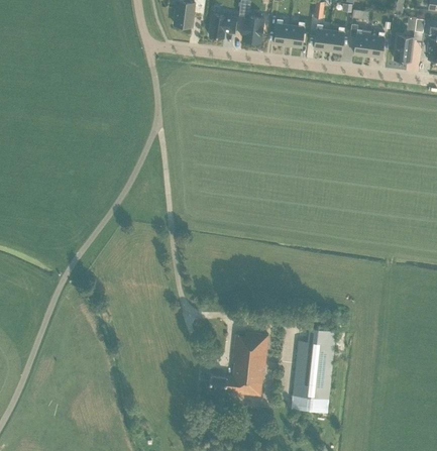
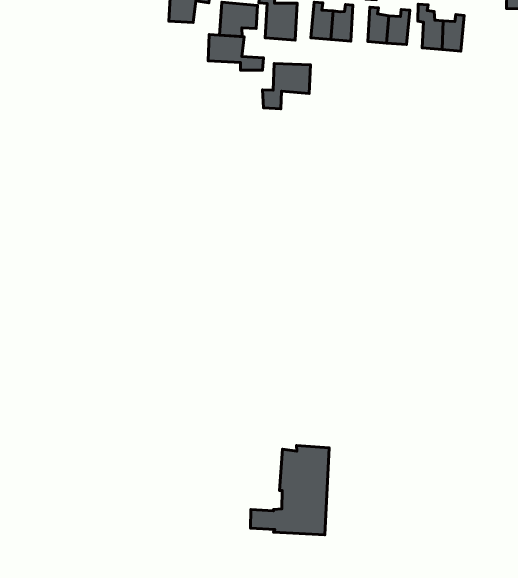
building: [393,34,416,65] -> none
building: none -> [208,34,263,70]
building: none -> [263,64,311,109]
building: [290,327,335,413] -> none

